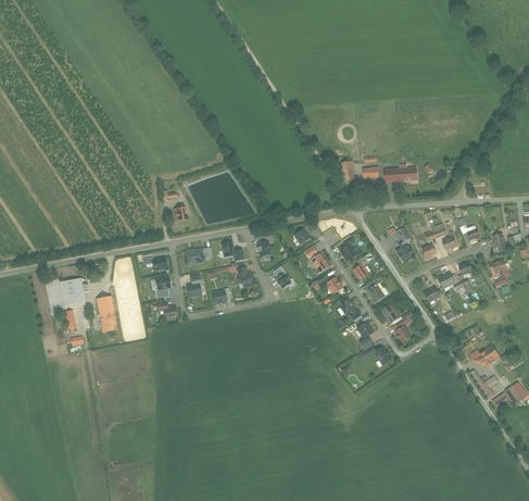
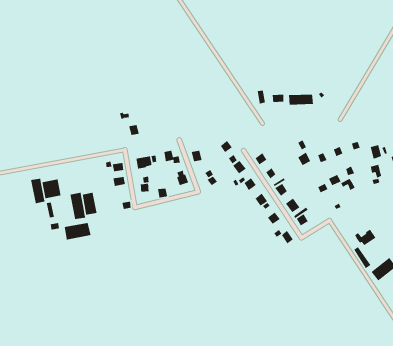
building: none -> [82,192,97,216]
building: none -> [64,222,91,240]

